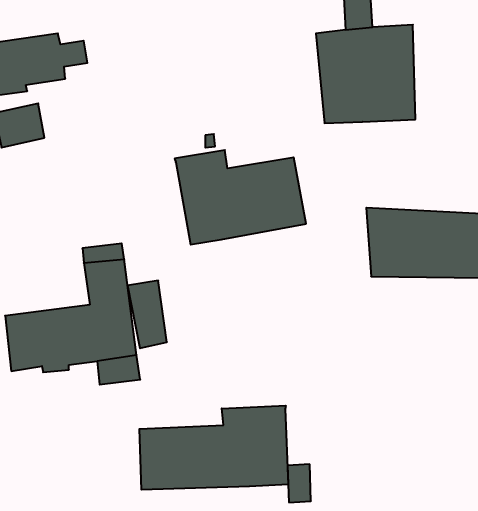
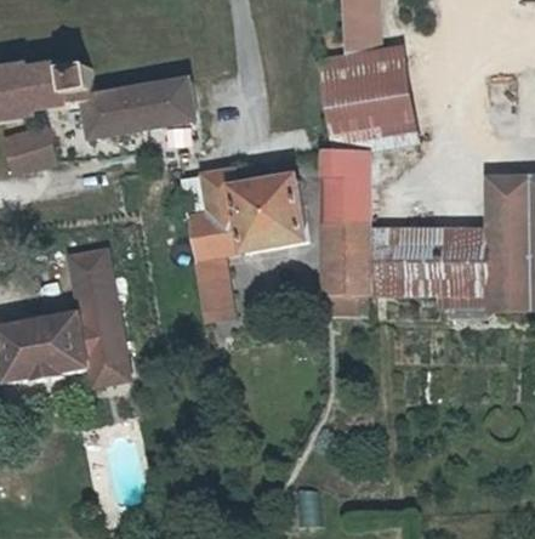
building: none -> [70,68,194,126]
building: none -> [318,141,374,312]
building: [128,281,167,348] -> [195,257,234,324]
building: [139,406,288,490] -> none

